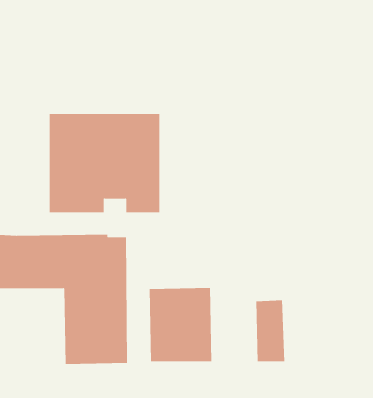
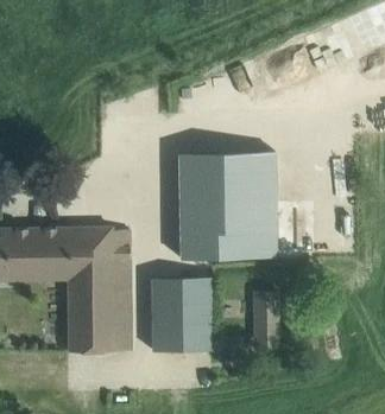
building: [49,114,160,213] -> [170,154,277,249]

